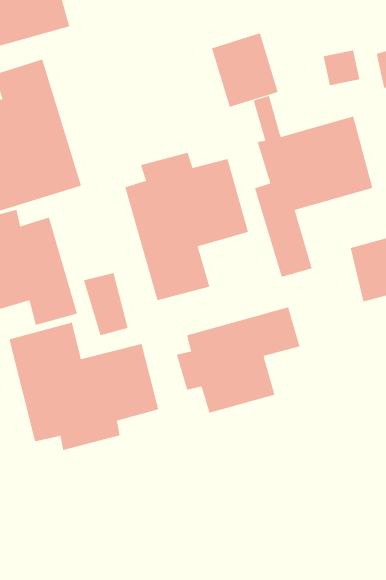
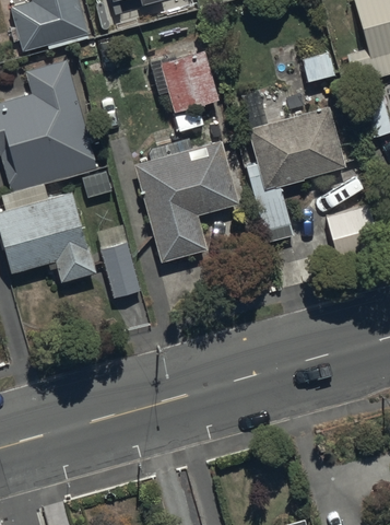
building: [211,33,278,108] -> [161,52,217,116]
building: [176,307,300,414] -> none
building: [9,322,159,451] -> none

